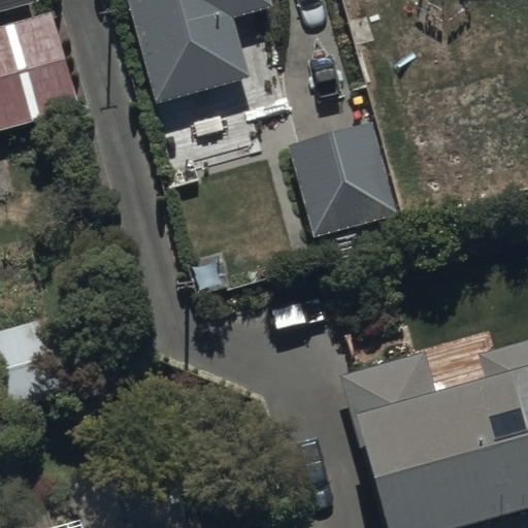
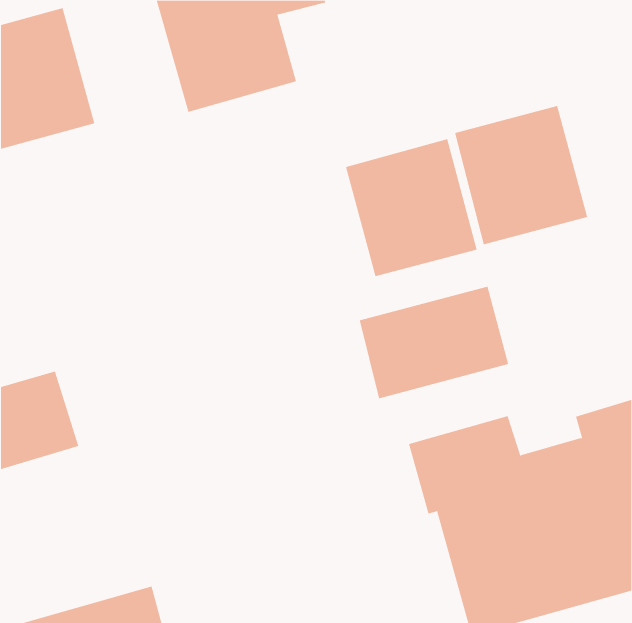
building: none -> [455,105,588,245]
building: none -> [359,286,509,399]

